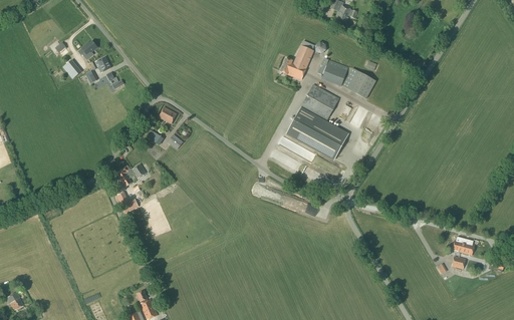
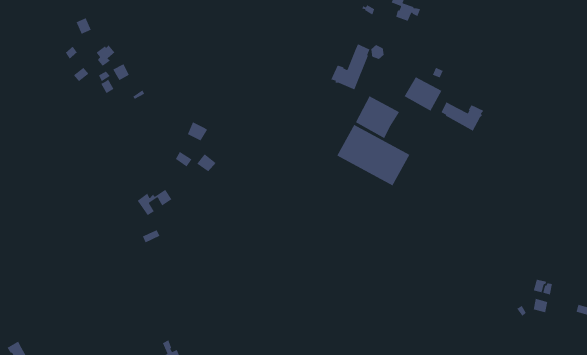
building: [318,57,348,86] -> none
building: none -> [440,101,484,132]

